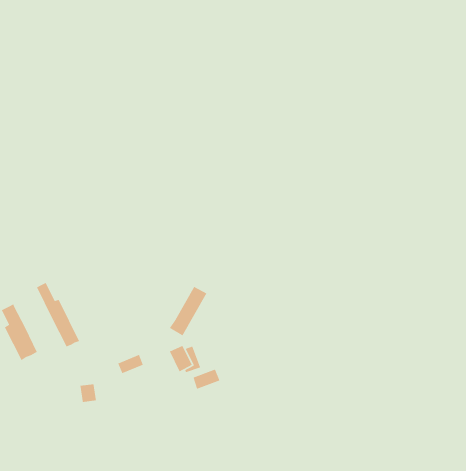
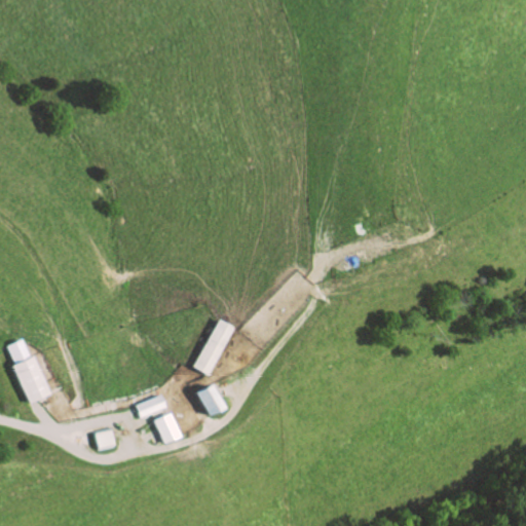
building: [36,282,80,347] -> none
building: [192,369,220,390] -> none
building: none -> [154,413,179,442]

